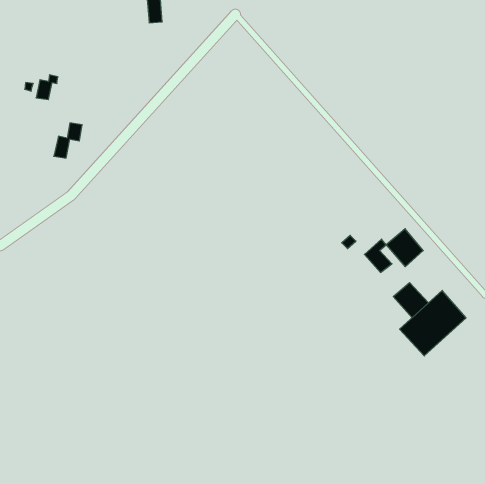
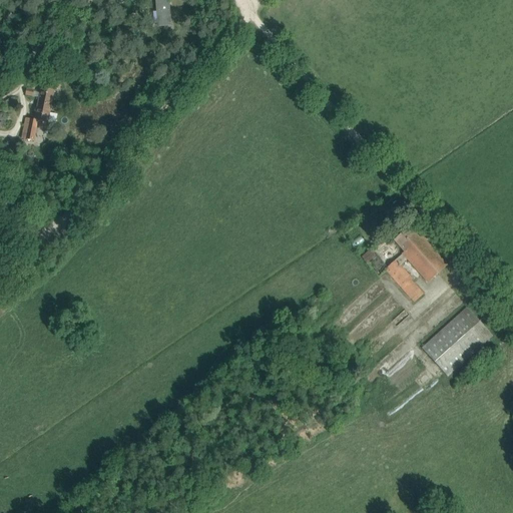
building: [54,123,82,158] -> [21,103,51,140]
building: none -> [396,226,428,259]
building: [393,283,429,318] -> none

